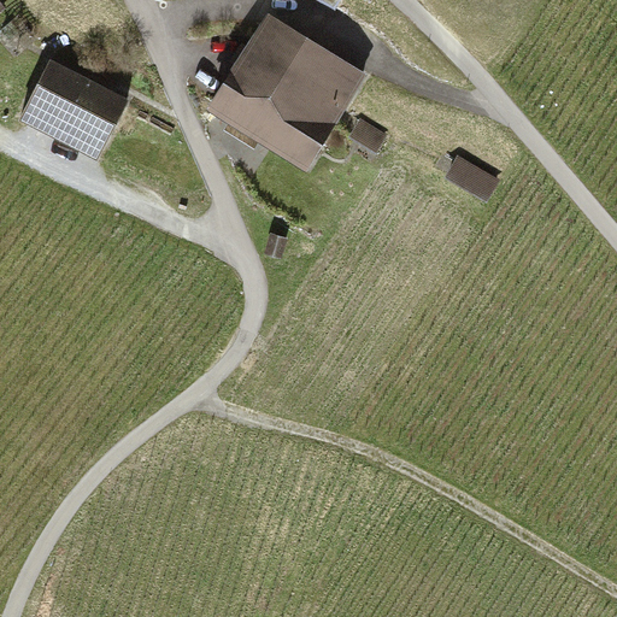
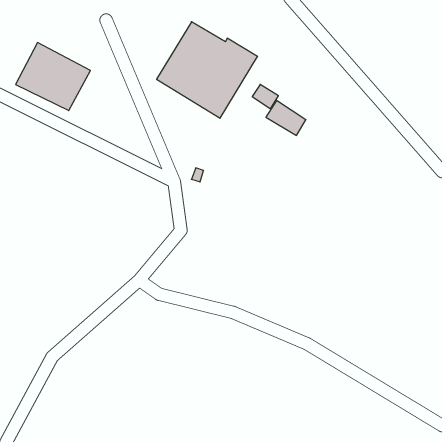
building: [441,151,496,199] -> [266,101,306,135]

